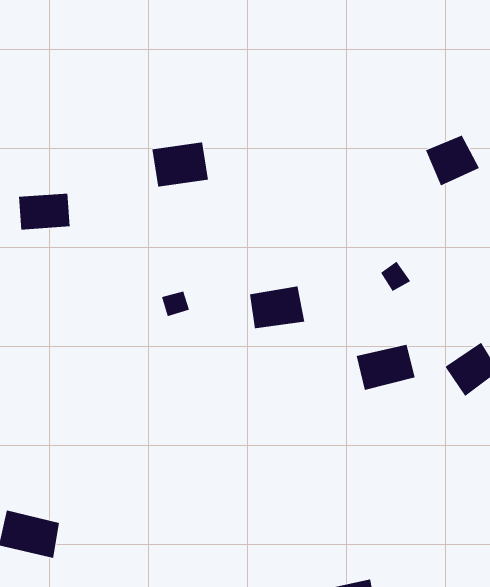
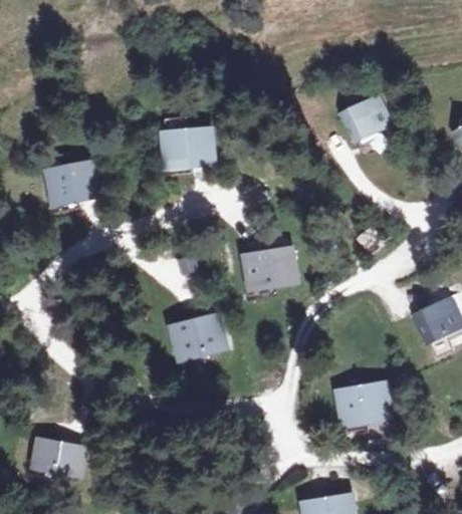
building: [425,135,480,186] -> [344,100,391,144]
building: [356,344,416,391] -> [339,382,390,422]
building: none -> [172,316,222,356]

